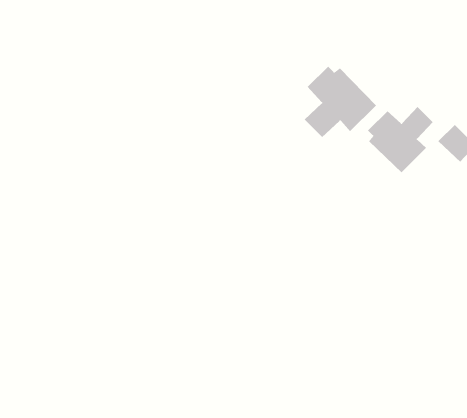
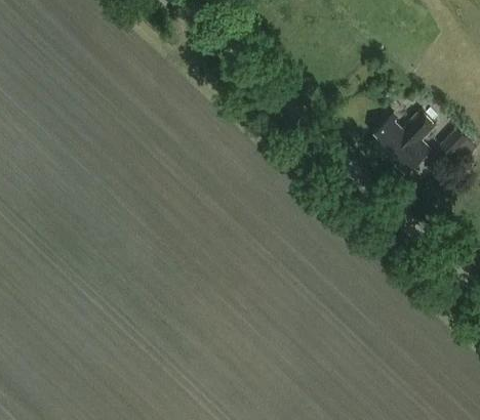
building: [304,66,377,138] -> none

